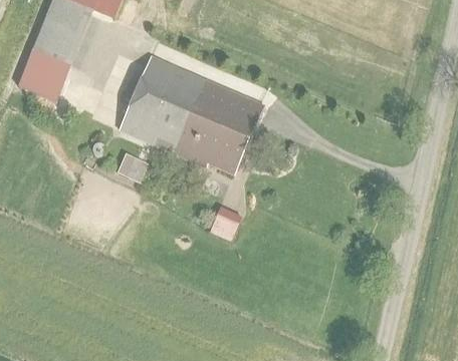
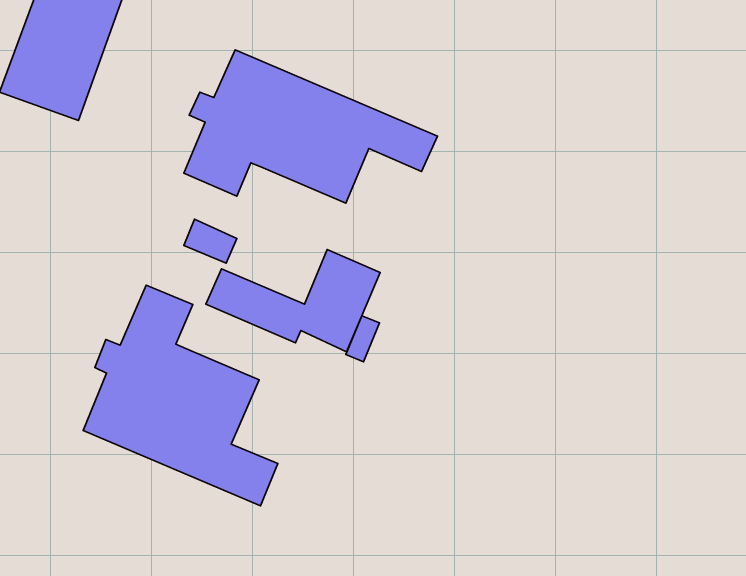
building: [156,112,255,170] -> [206,250,380,352]
building: none -> [83,285,278,506]

